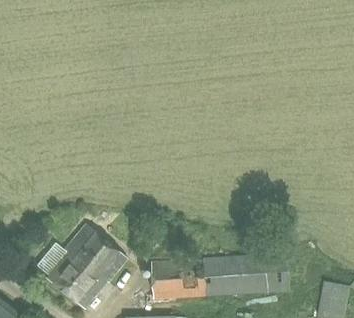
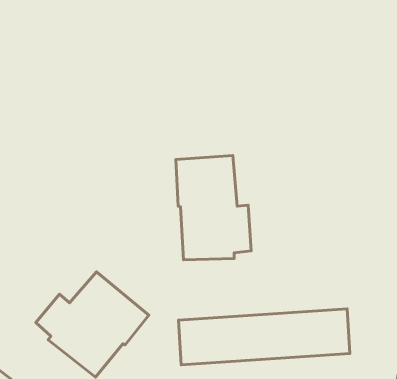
building: none -> [176,156,251,260]

